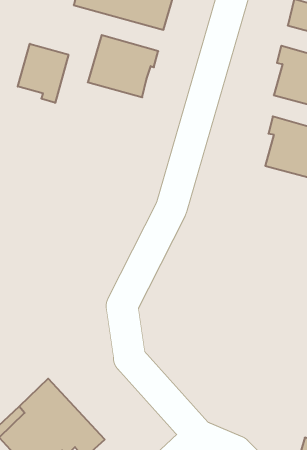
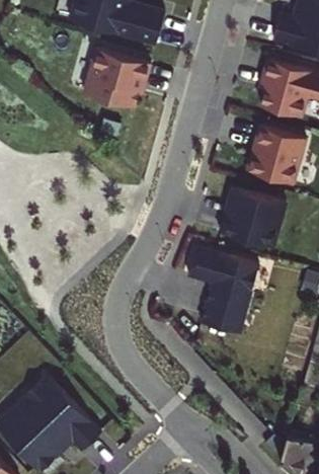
building: [18,44,68,103] -> none
building: none -> [219,188,287,247]
building: none -> [187,246,259,333]

